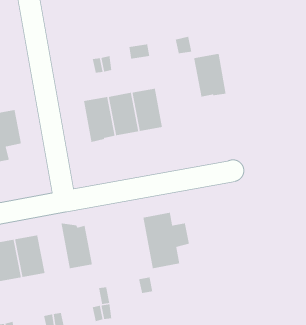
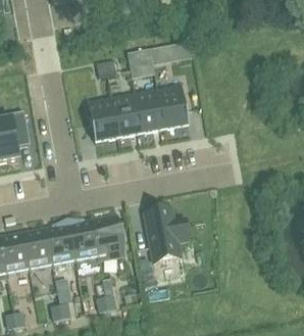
building: [192,47,227,97] -> [155,79,188,127]
building: none -> [90,214,123,258]
building: none -> [45,217,74,265]

